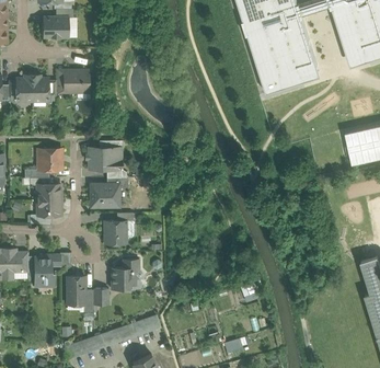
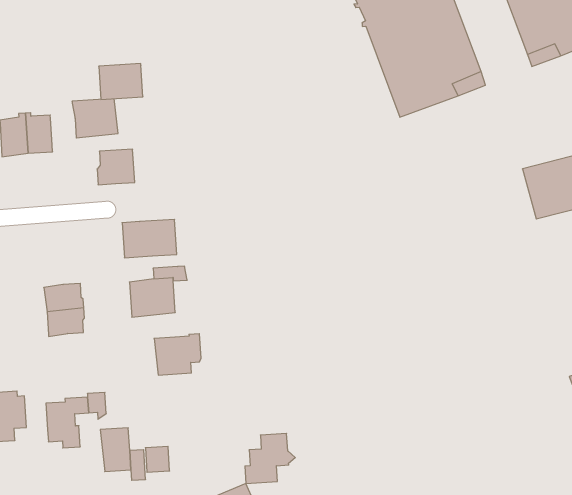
building: [43,16,69,37] -> [99,64,143,99]
building: [38,149,61,170] -> [97,149,135,185]
building: [112,260,143,289] -> [245,433,295,484]

